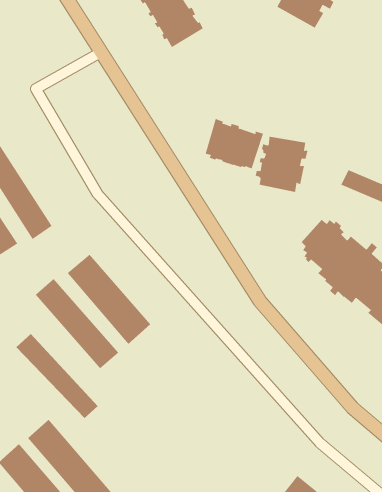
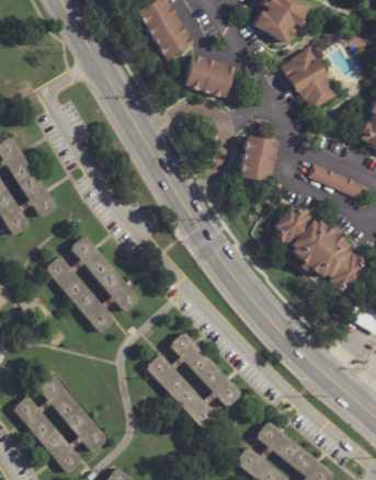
building: none -> [280,45,335,106]
building: [205,118,264,169] -> [183,52,233,95]
building: [15,333,99,419] -> [146,358,217,432]
building: none -> [169,333,243,410]

